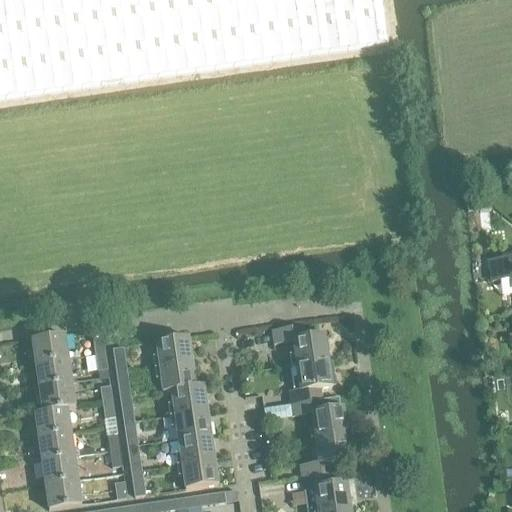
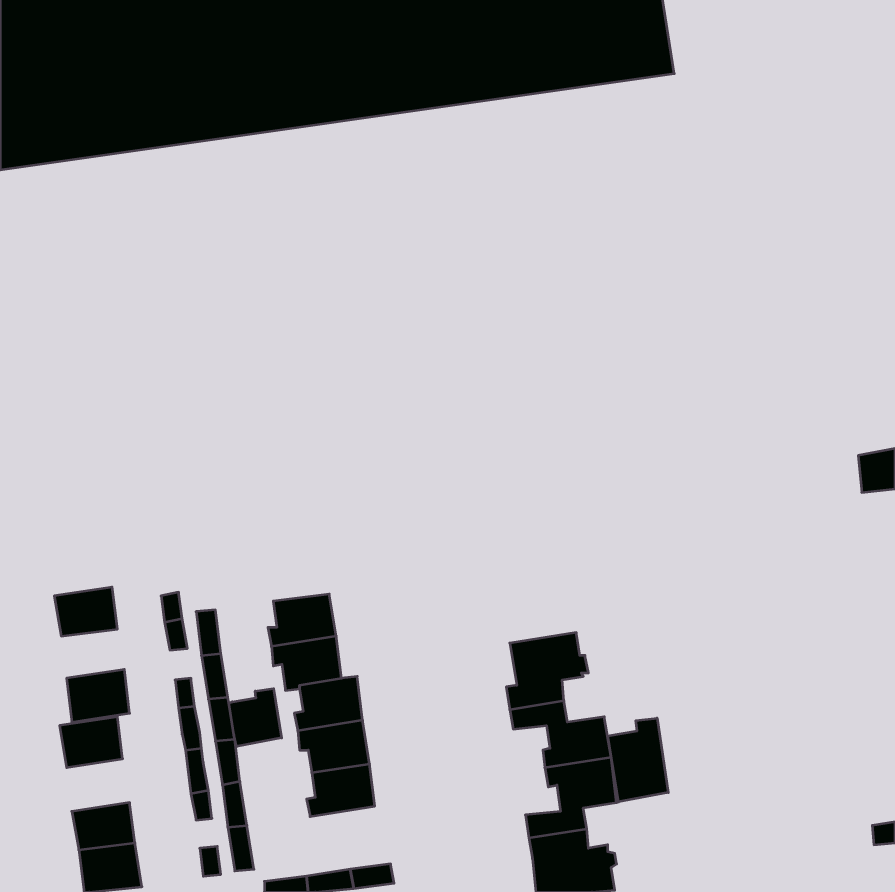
building: [272,327,329,367] -> none
building: [35,359,71,387] -> none
building: none -> [229,689,282,747]
building: none -> [608,718,668,802]
building: [38,433,74,463] -> none
building: [177,460,218,491] -> none

